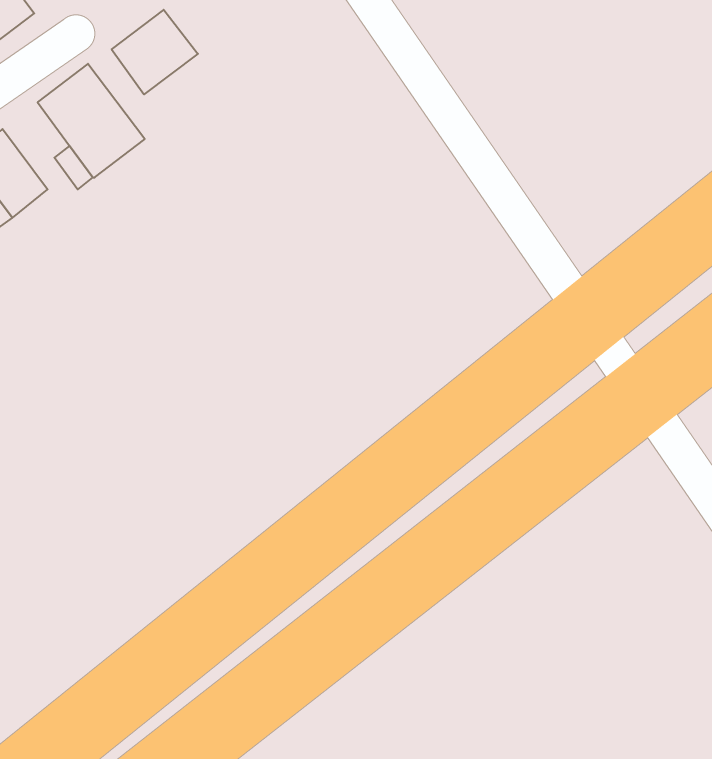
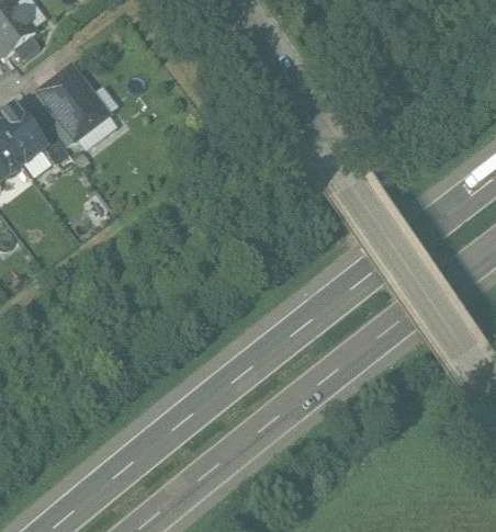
building: [112,10,198,94] -> none

